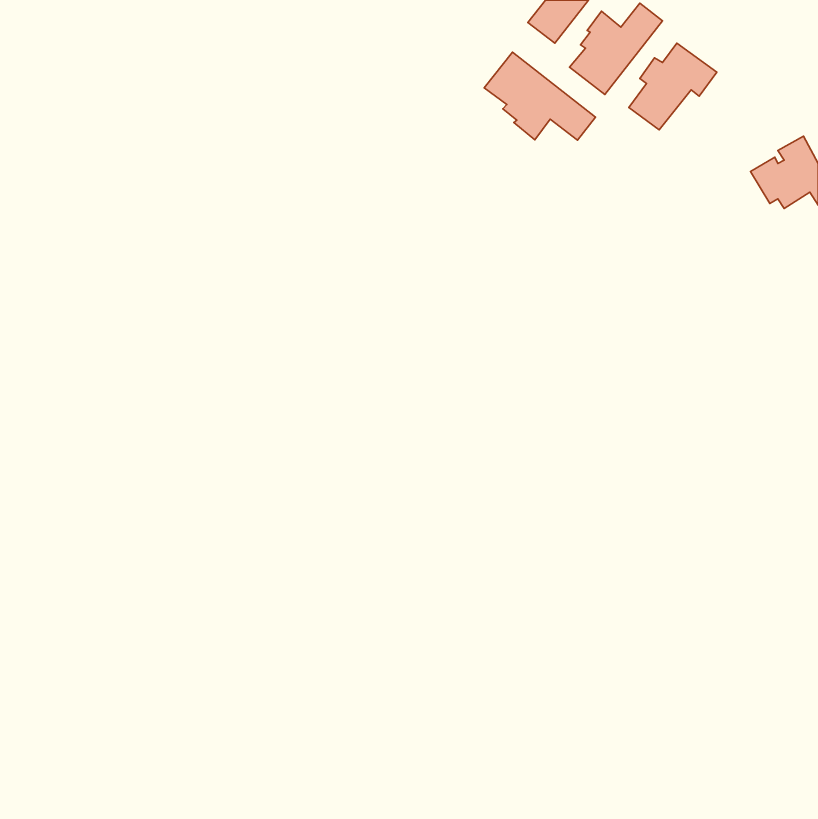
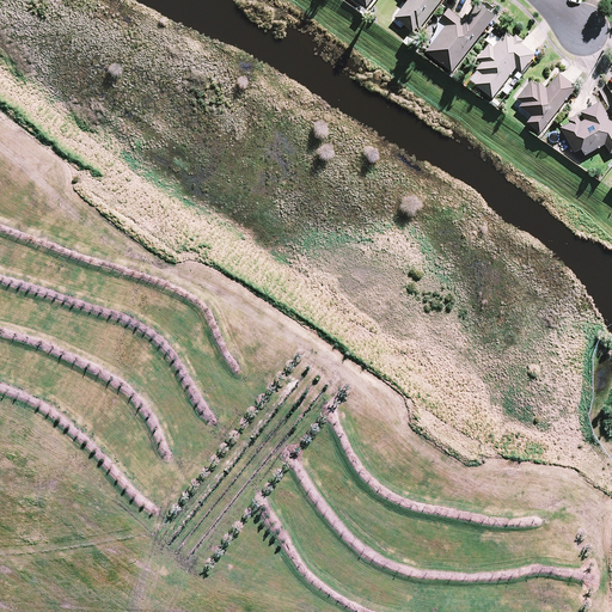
building: [484,52,596,140] -> none
building: none -> [513,73,575,133]

